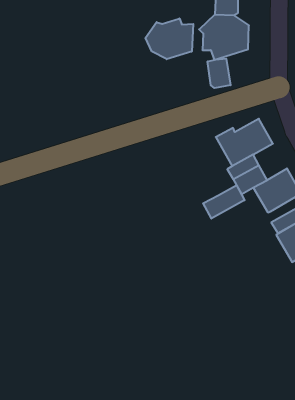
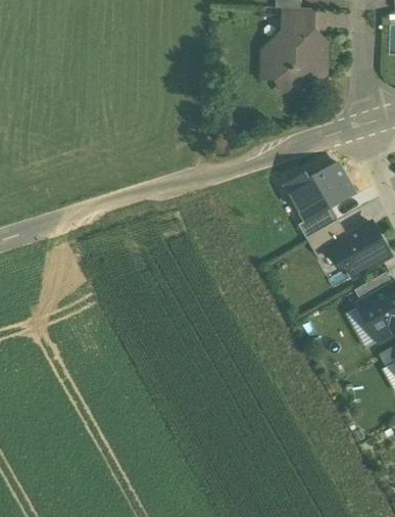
building: [145,18,193,59] -> none
building: [208,59,231,88] -> none
building: [203,185,245,219] -> none

